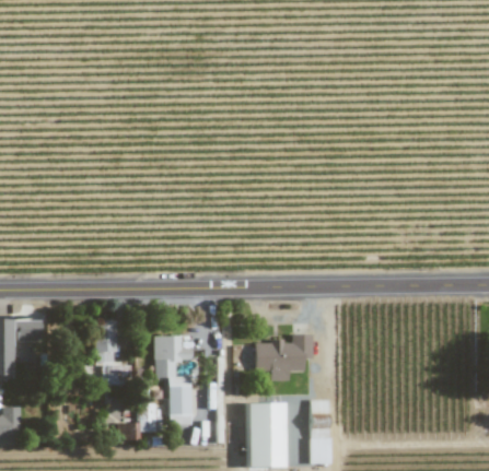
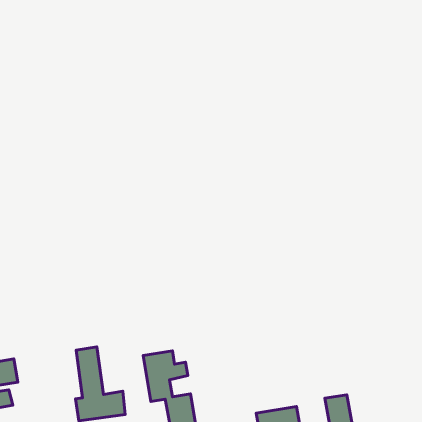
building: [256,333,313,380] -> none

